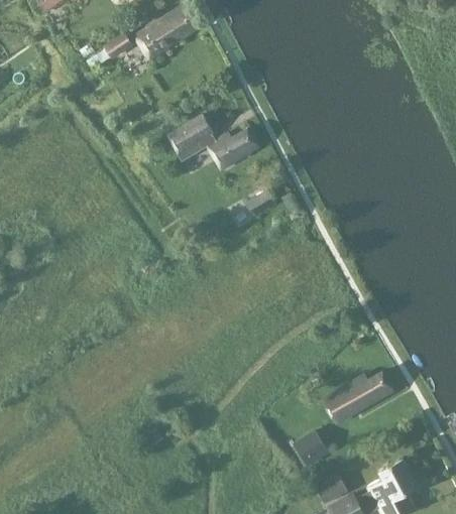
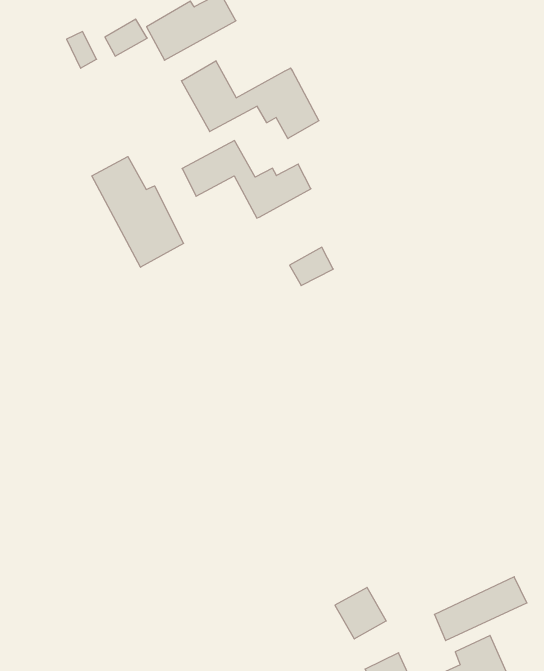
building: none -> [181,61,319,139]
building: none -> [92,157,184,267]
building: [329,371,394,419] -> [434,577,527,641]

